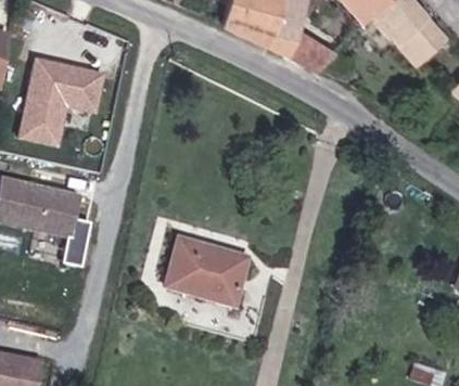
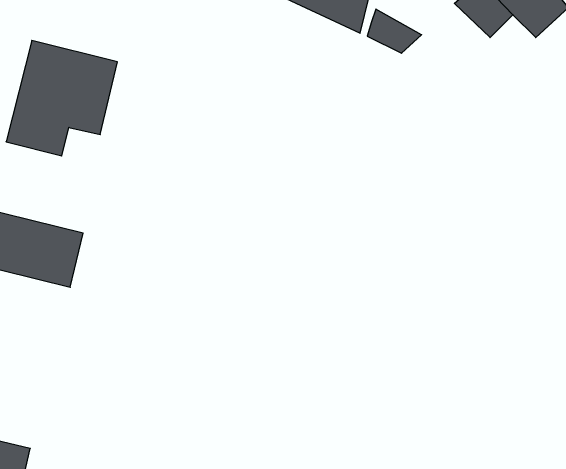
building: [158,236,240,304] -> none

